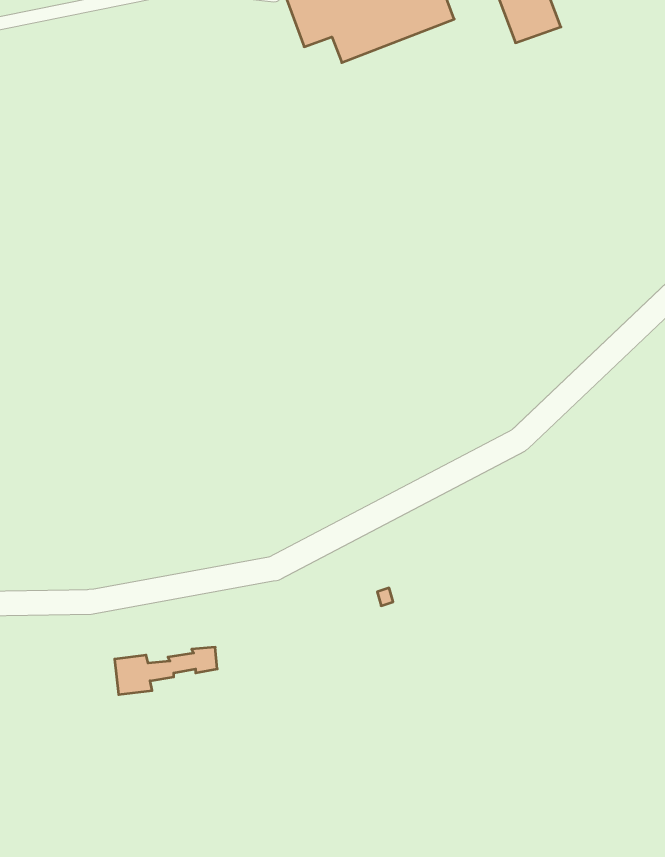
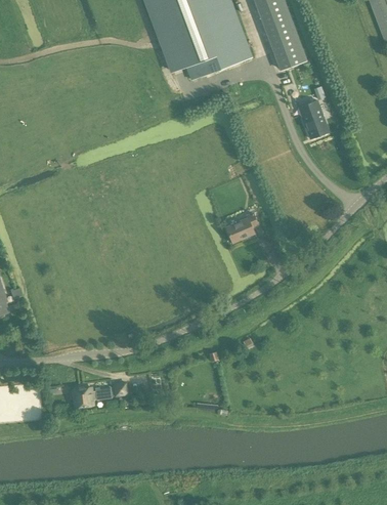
building: none -> [299,100,329,139]
building: none -> [225,212,258,243]

